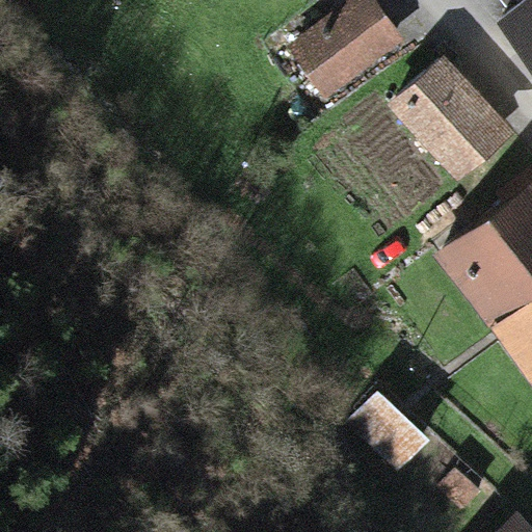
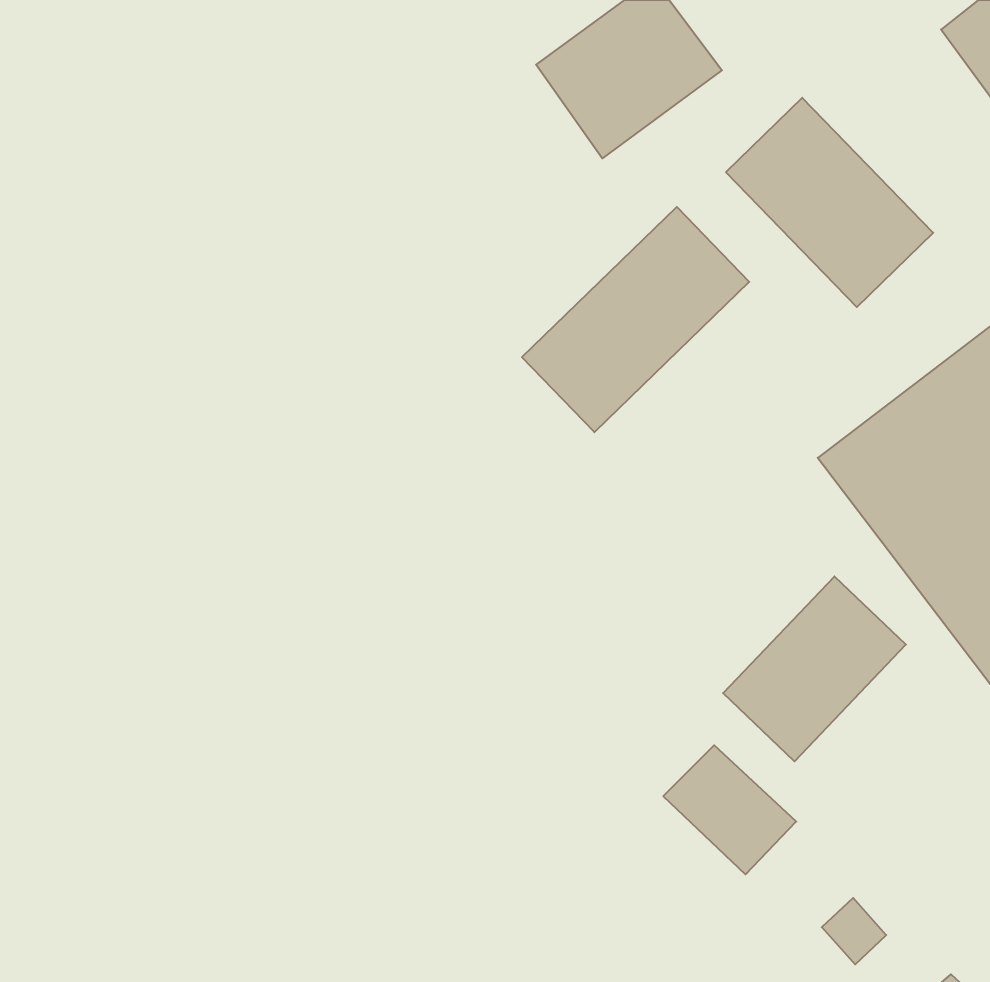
building: none -> [522,207,749,432]
building: none -> [723,576,906,761]

